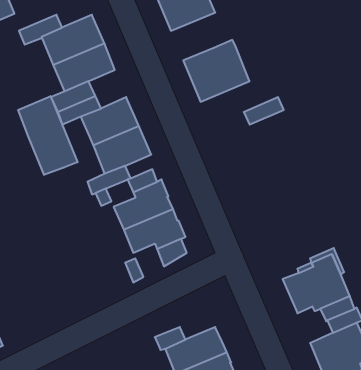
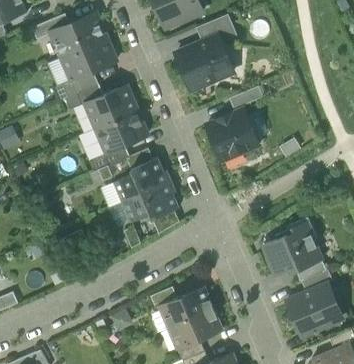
building: none -> [196,15,238,44]
building: [18,96,78,175] -> none
building: none -> [206,111,260,162]

